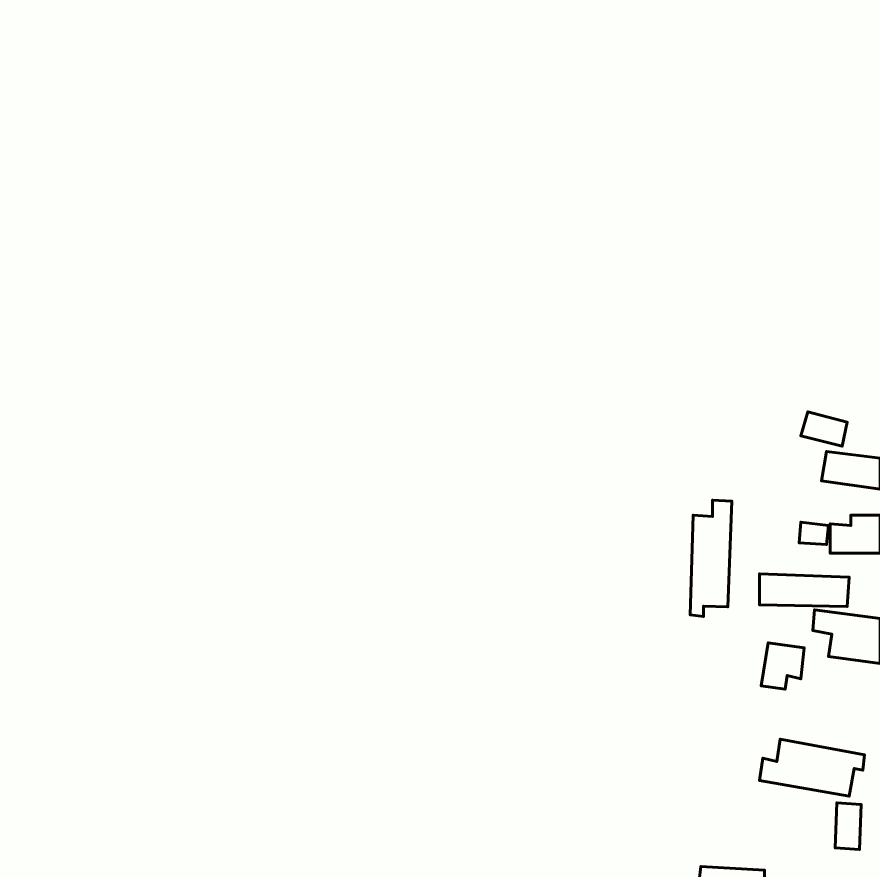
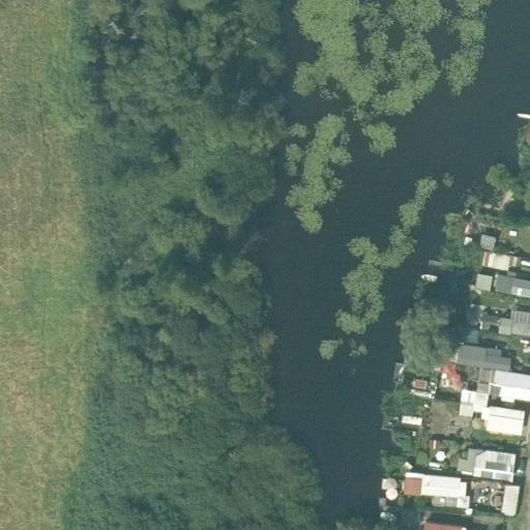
building: [690,500,732,616] -> none
building: none -> [485,405,524,435]
building: none -> [404,472,466,499]

